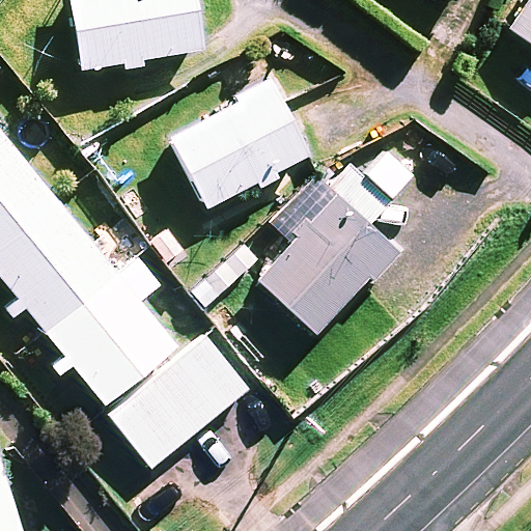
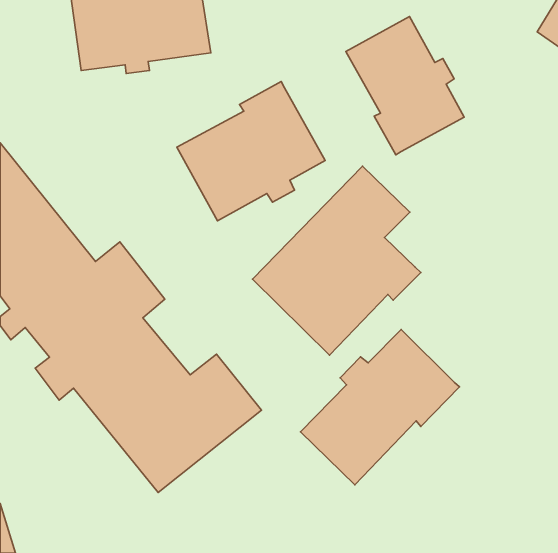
building: none -> [346,16,464,155]
building: none -> [300,329,460,485]

